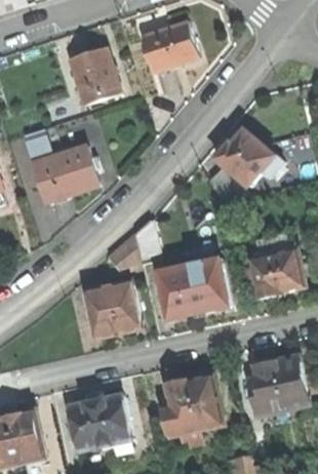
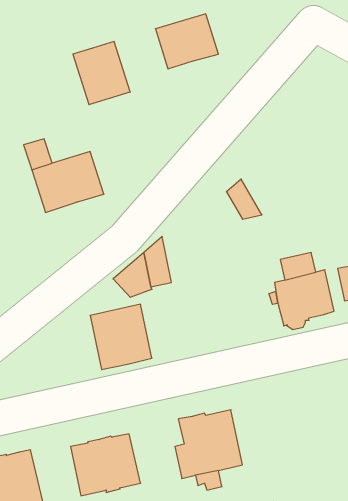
building: [214,127,281,186] -> none
building: [158,260,229,319] -> none
building: [248,356,308,416] -> none

